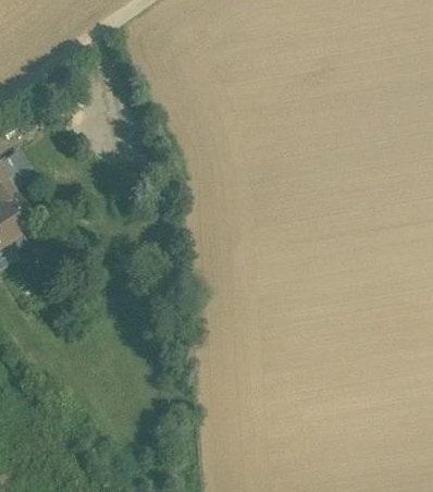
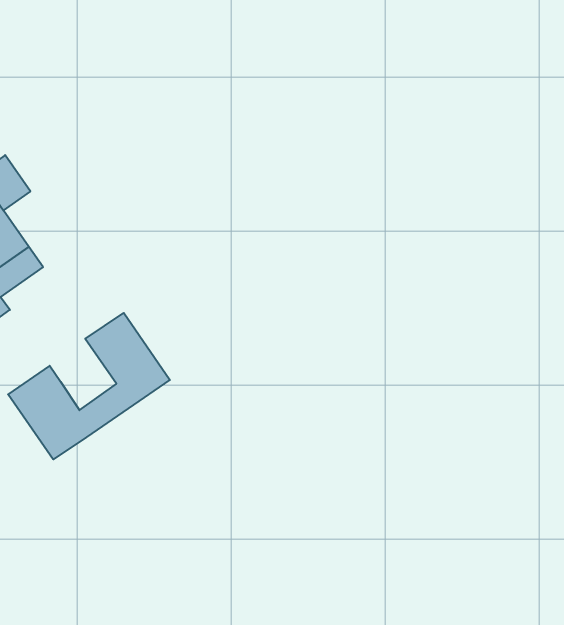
building: none -> [8,313,170,459]

